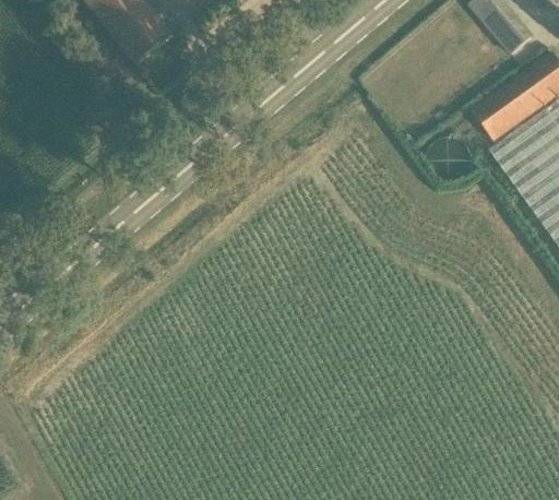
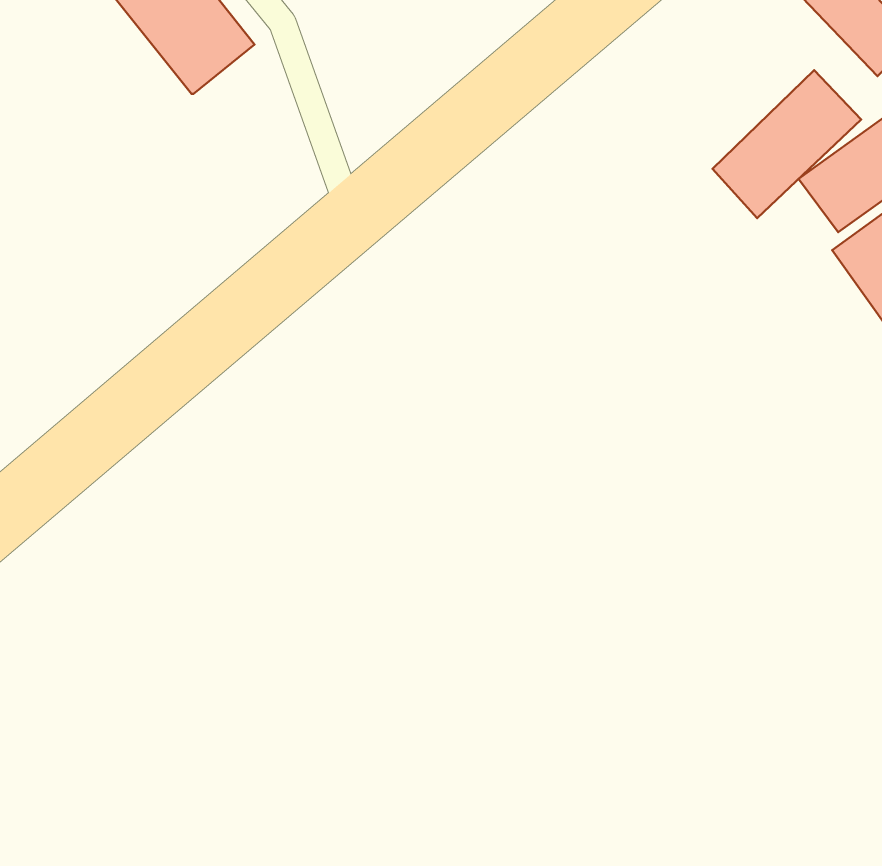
building: none -> [712,70,861,218]

